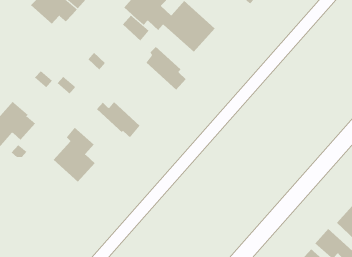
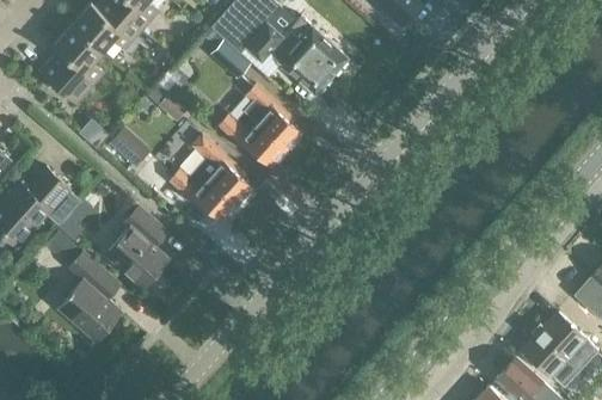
building: none -> [39,25,105,105]
building: none -> [223,110,289,168]
building: none -> [197,139,252,204]
building: none -> [59,252,122,340]

